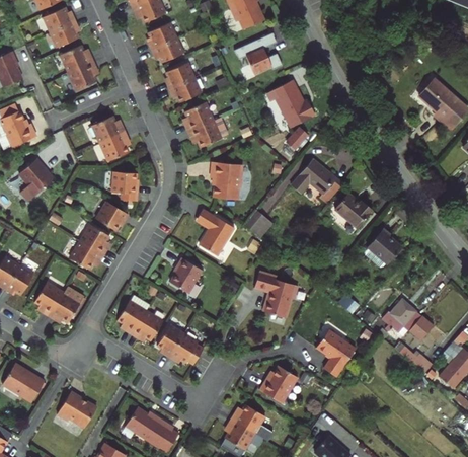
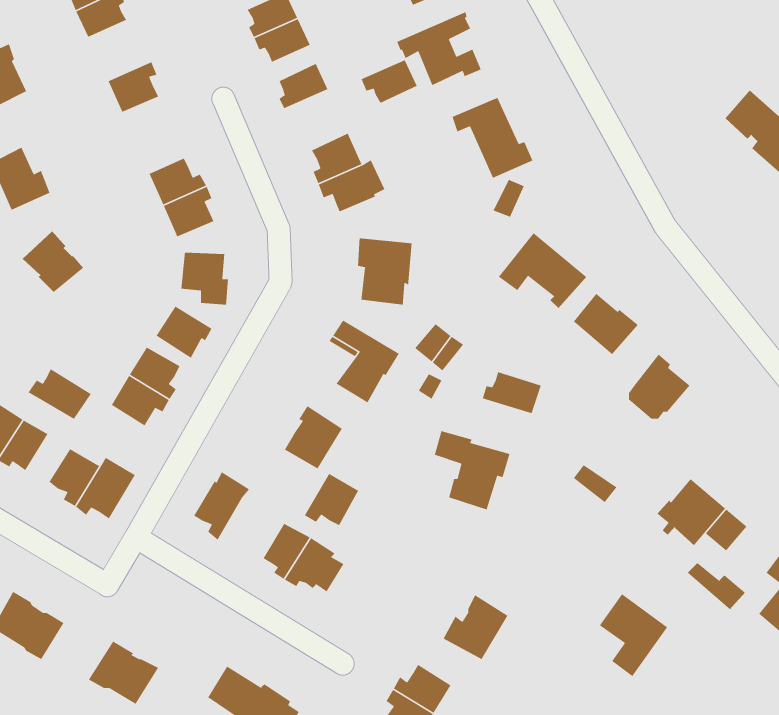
building: [61,46,94,73] -> none
building: [169,78,202,103] -> [361,59,418,104]
building: none -> [28,368,92,420]
building: none -> [482,371,542,414]
building: [132,310,163,340] -> [304,473,359,526]
building: [316,329,356,377] -> [599,593,668,677]

